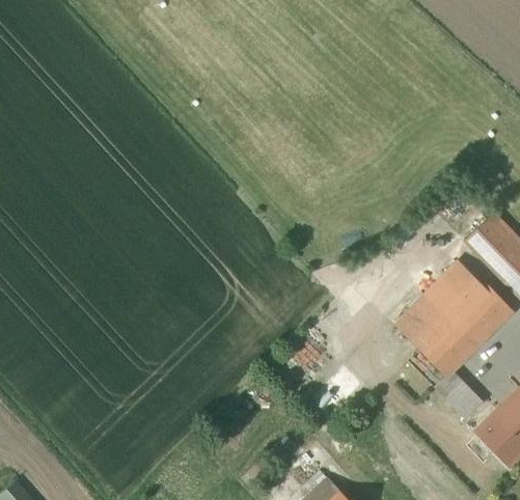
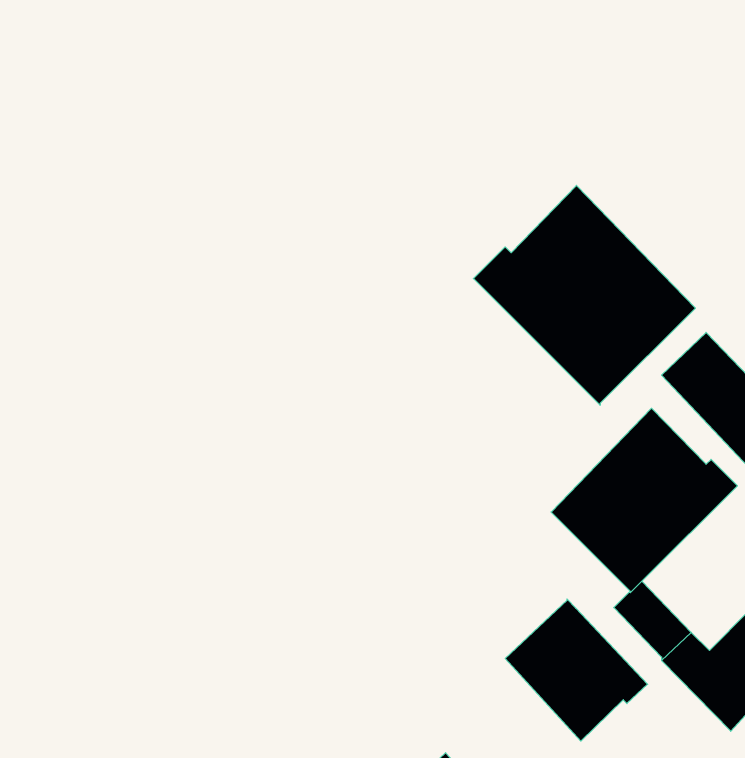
building: none -> [473,185,695,405]
building: none -> [505,599,648,741]

